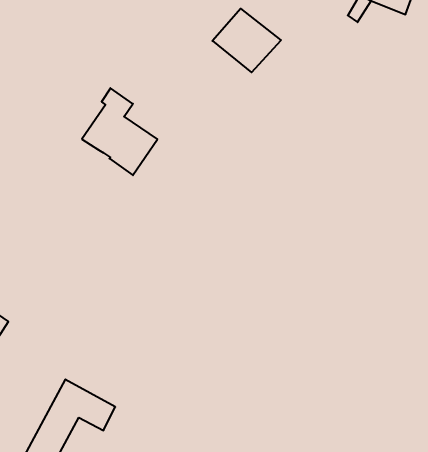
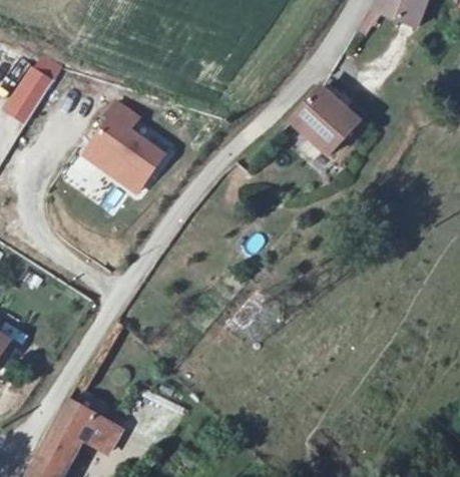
building: [212,9,281,72] -> [293,86,363,151]
building: none -> [8,64,55,119]

